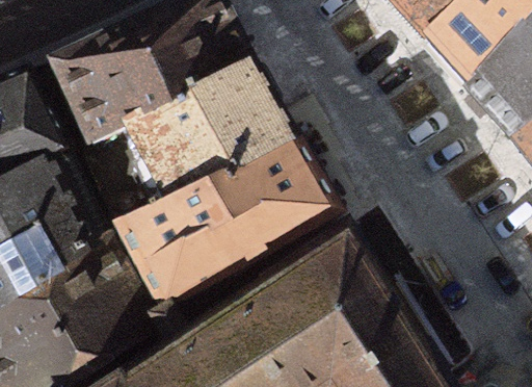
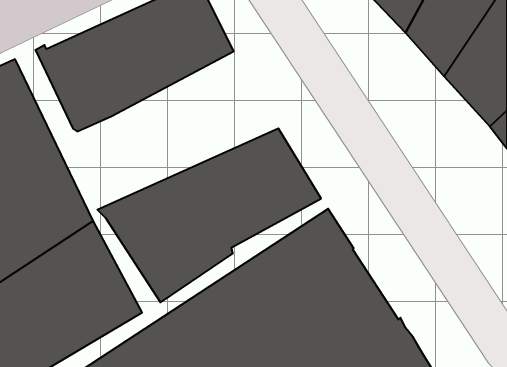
building: [77,61,296,224] -> none

